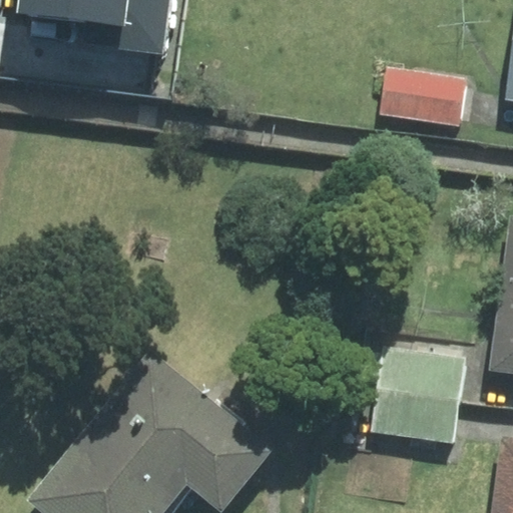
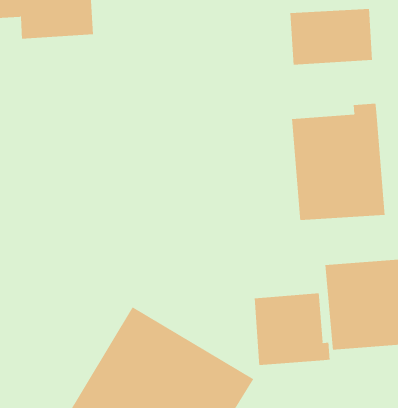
building: none -> [292,103,385,221]
building: none -> [254,293,330,366]

